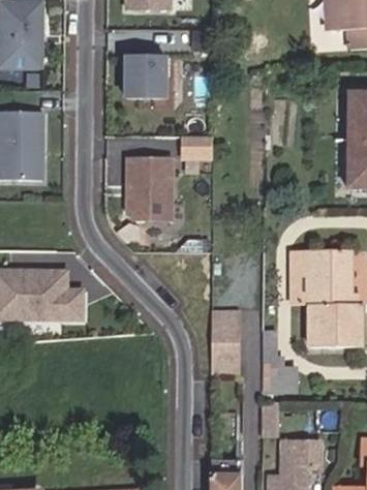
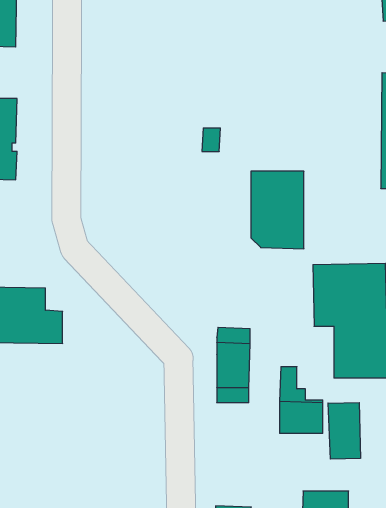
building: [125,57,166,97] -> none
building: [127,156,172,221] -> [251,171,304,249]
building: none -> [328,403,360,459]

